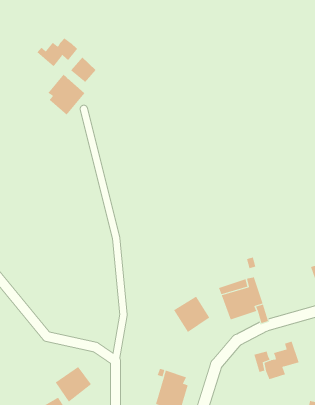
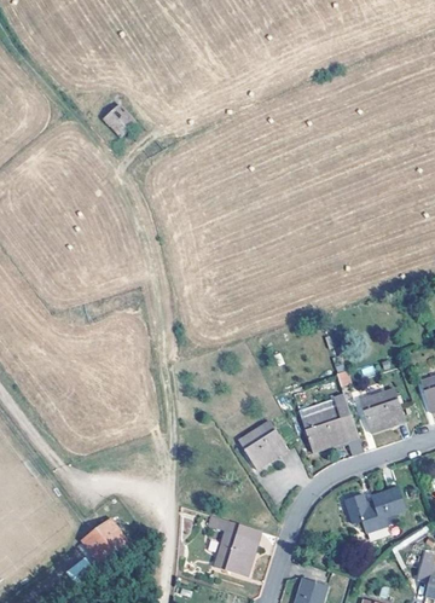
building: [37,38,78,67] -> none
building: [47,74,85,115] -> none
building: none -> [360,388,406,434]

